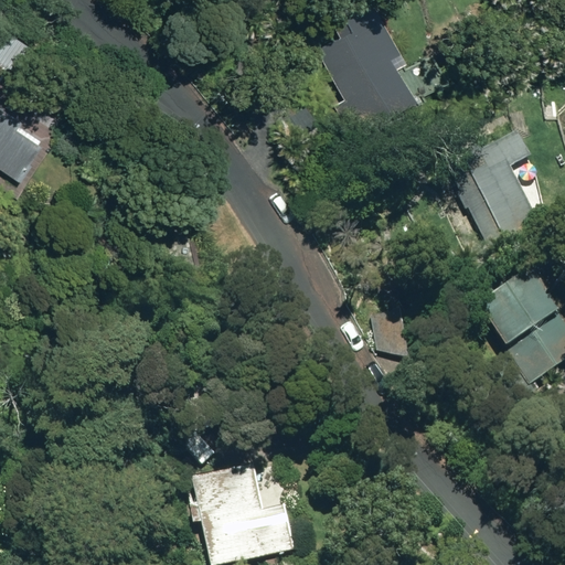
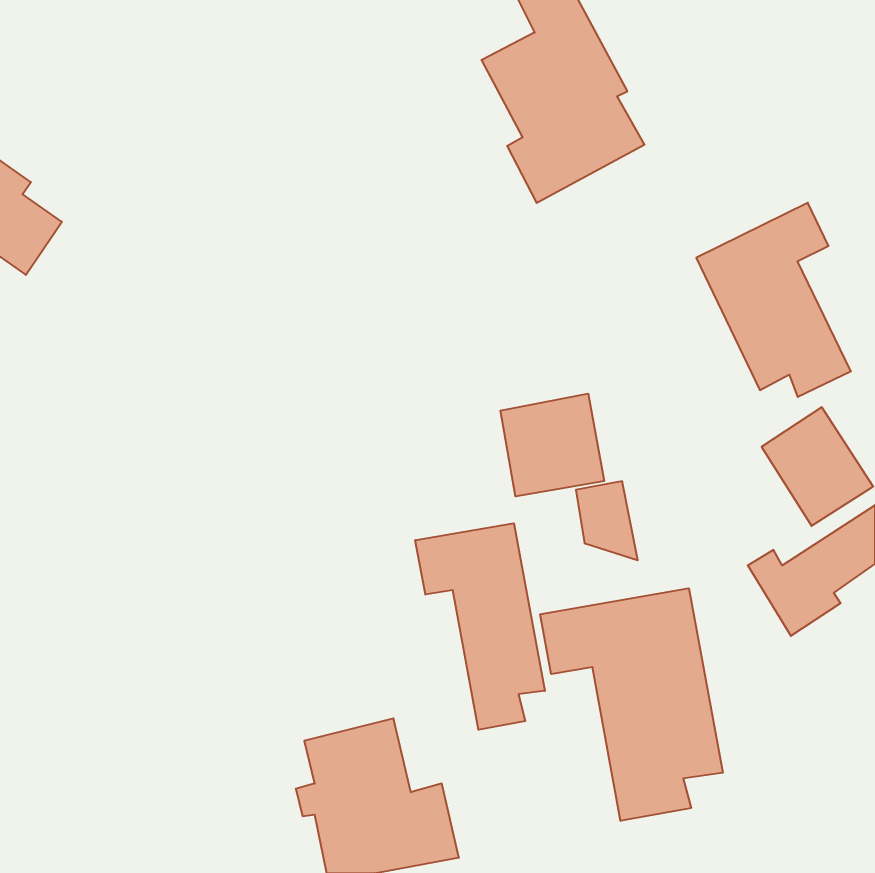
building: none -> [500,394,604,496]
building: none -> [415,523,545,730]
building: none -> [540,588,723,821]

